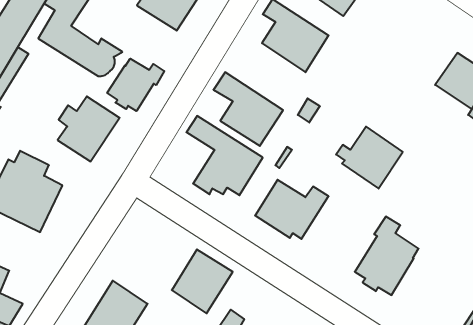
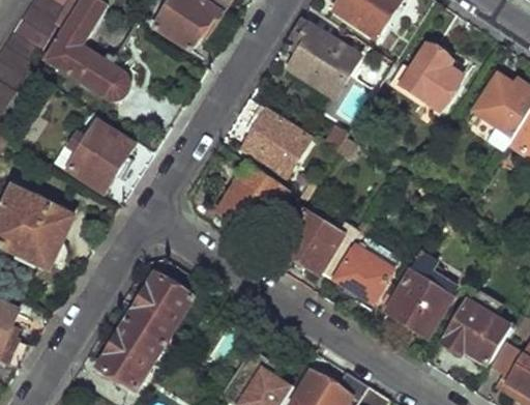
building: [107,59,164,111] -> none
building: [336,127,403,189] -> [394,45,466,111]
building: none -> [334,250,391,300]
building: [172,249,233,313] -> [127,276,193,344]
building: none -> [440,298,507,361]

